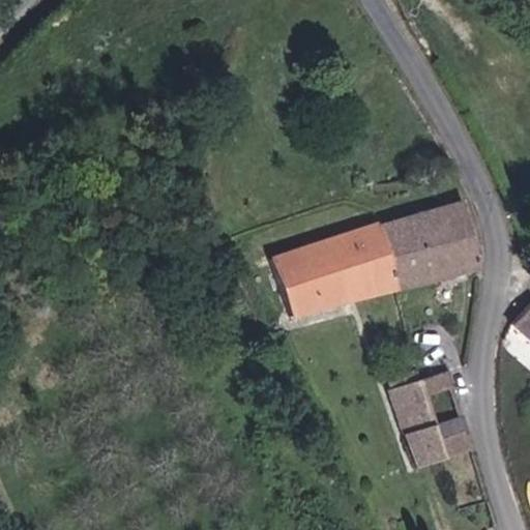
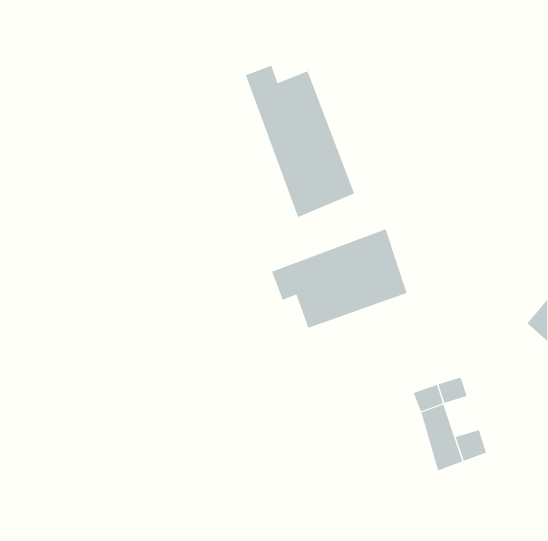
building: none -> [245,65,355,218]
building: [373,197,478,290] -> none

